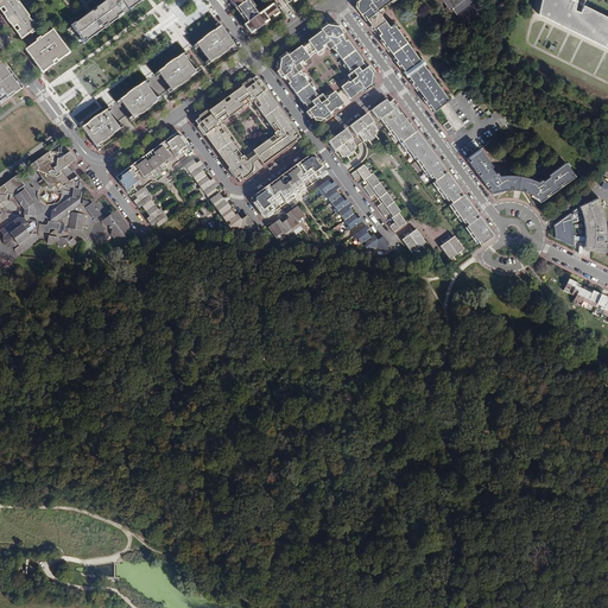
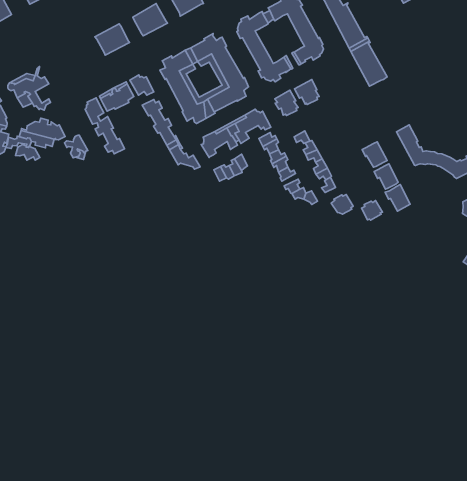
building: [370,97,445,177] -> none
building: [82,107,121,145] -> none

